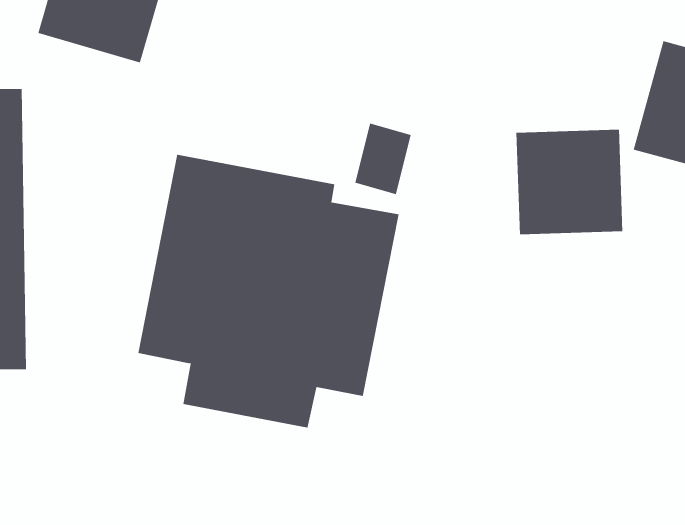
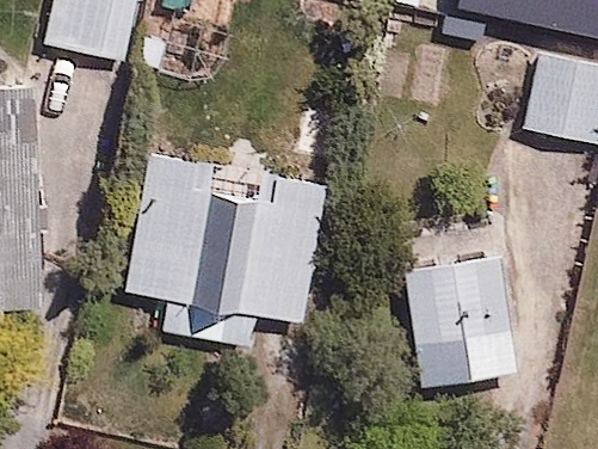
building: [516,129,623,235] -> none
building: none -> [407,235,508,387]

